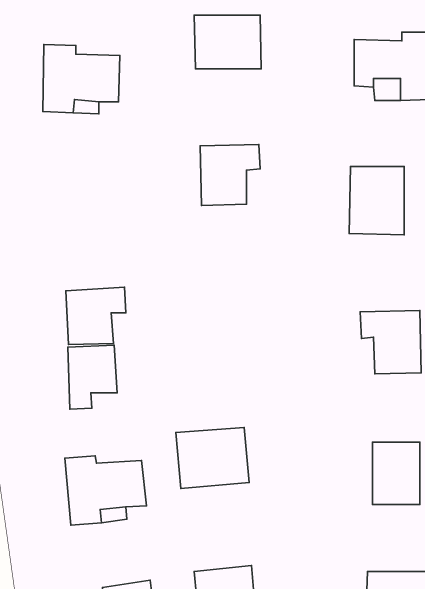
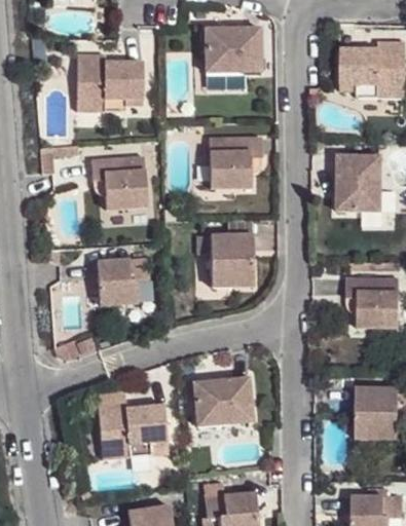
building: none -> [91,154,146,209]
building: none -> [211,232,252,285]
building: [68,345,117,409] -> none

